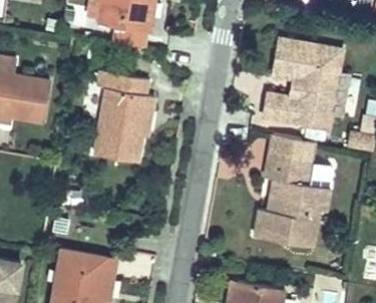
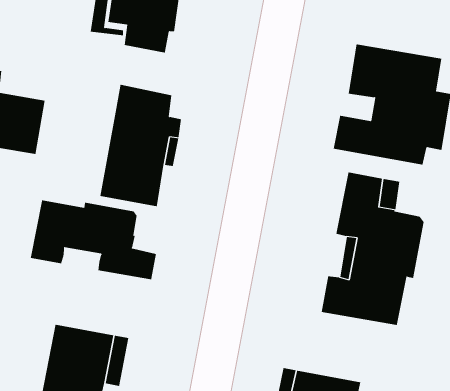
building: none -> [30,200,157,280]

